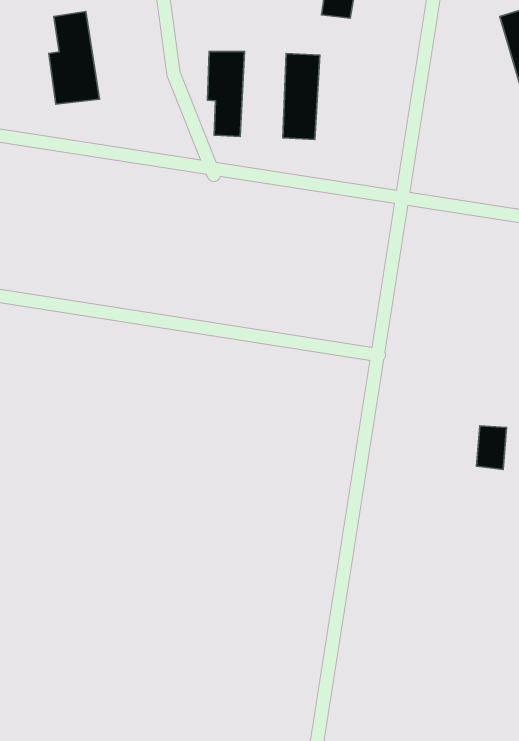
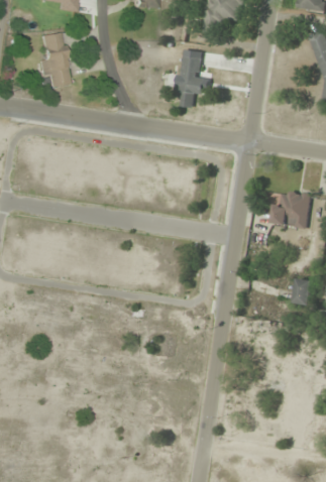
building: [207,51,244,137] -> none
building: none -> [271,190,310,228]

